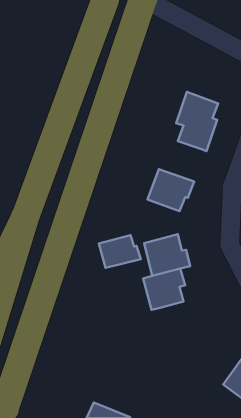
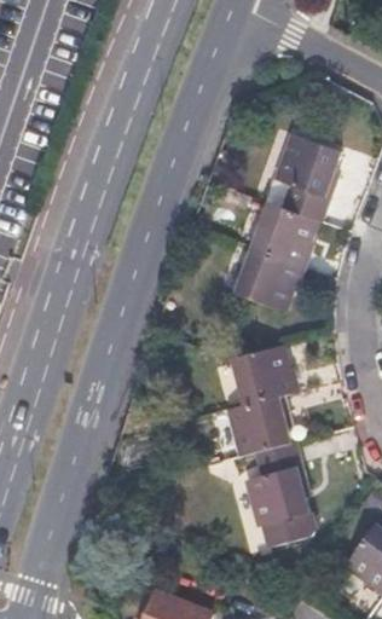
building: none -> [253,204,317,267]
building: [99,235,141,268] -> none
building: none -> [248,442,311,544]

